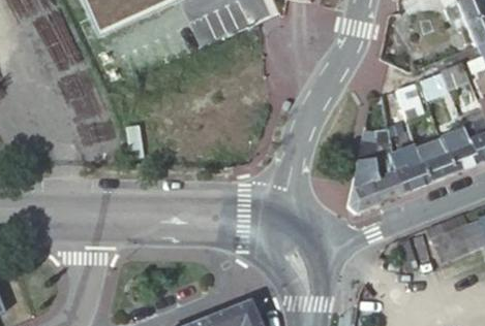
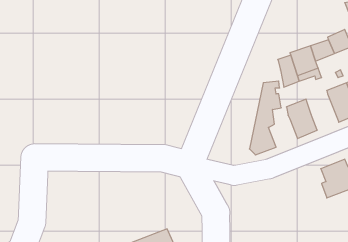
building: [416,138,454,182] -> none
building: [369,155,404,202] -> none

